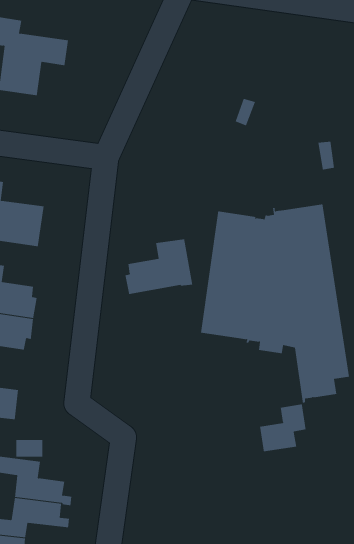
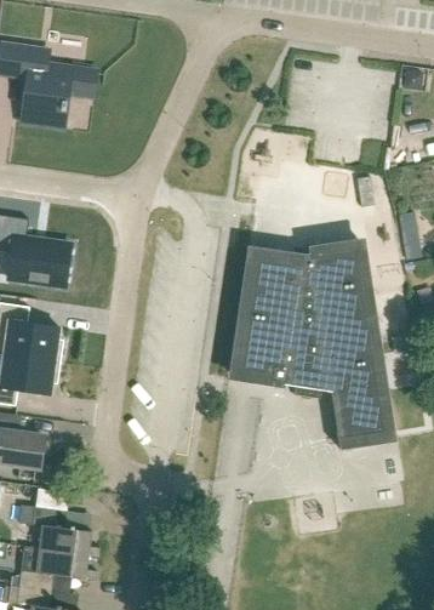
building: [125,238,193,295] -> none
building: [260,404,306,452] -> none

